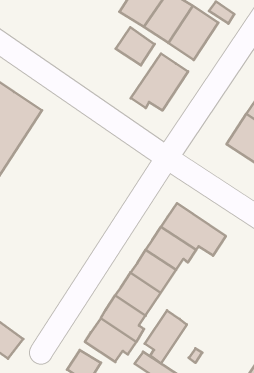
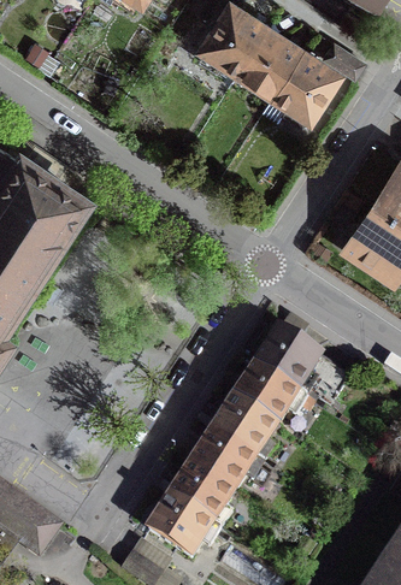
building: [116,27,155,65] -> none
building: [131,54,188,110] -> none
building: [145,310,187,363] -> none

